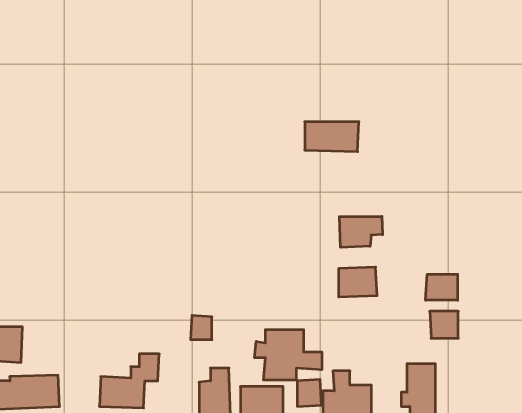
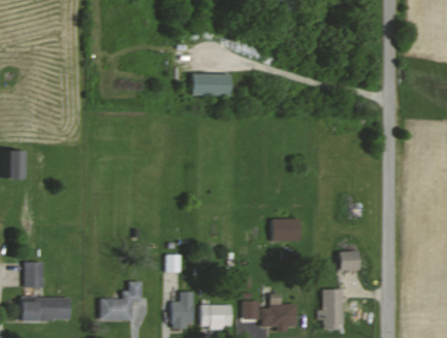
building: [305,122,359,152] -> [192,73,231,95]
building: [339,216,383,247] -> none
building: [426,274,458,300] -> none
building: [255,330,322,380] -> none

